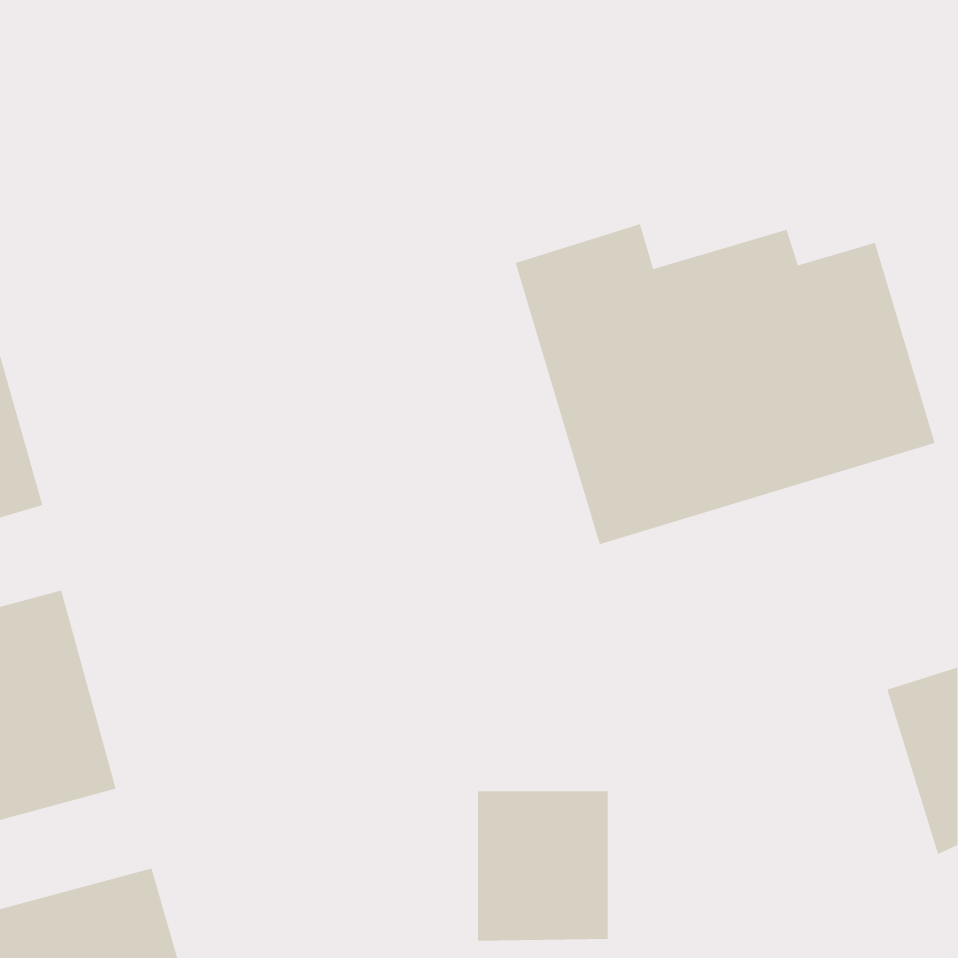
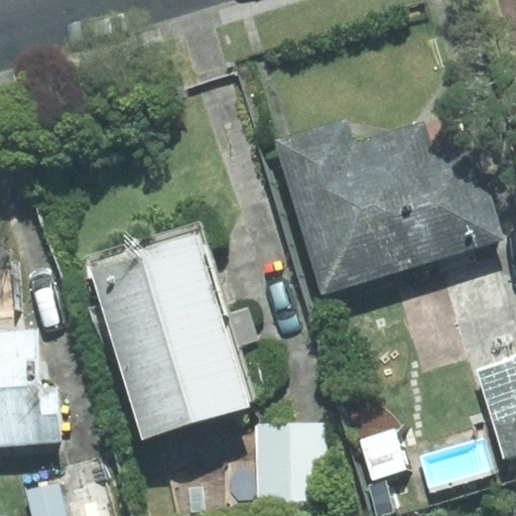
building: none -> [89,234,248,438]

